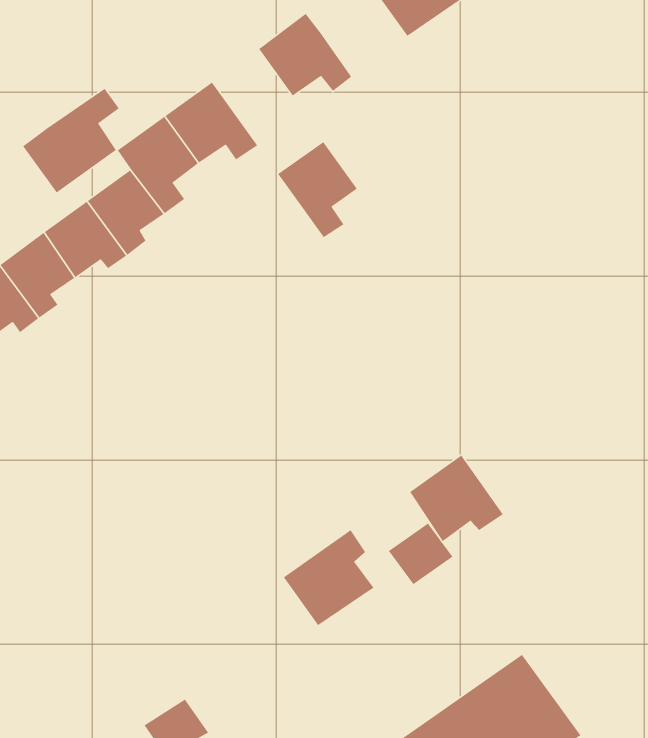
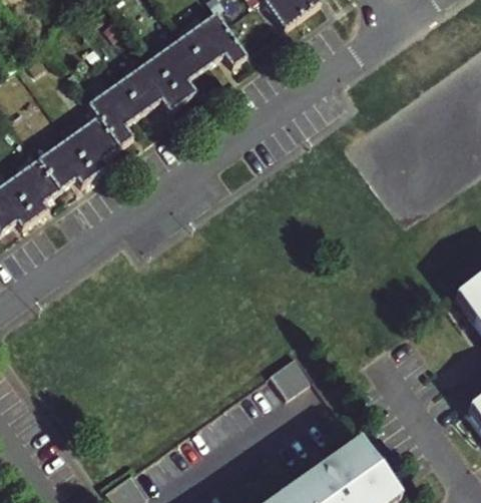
building: [22,88,120,194] -> none
building: [277,141,358,238] -> [151,34,205,99]
building: [409,455,504,542] -> none
building: [283,529,375,626] -> none

